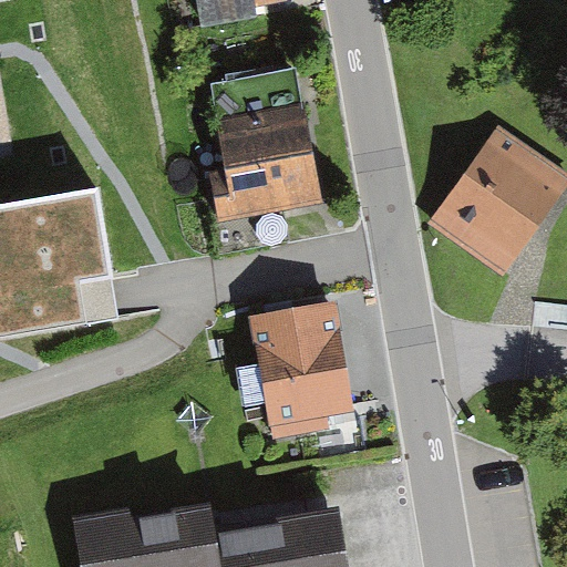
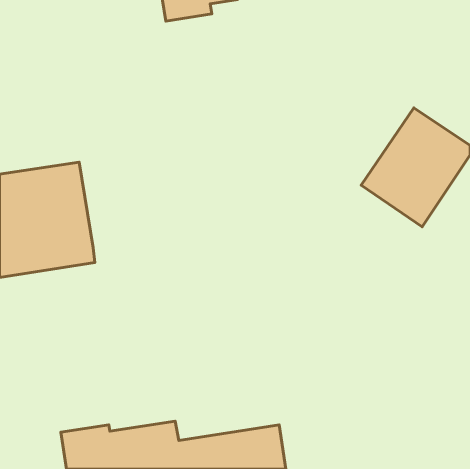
building: [207,73,318,223] -> none
building: [250,302,353,439] -> none

